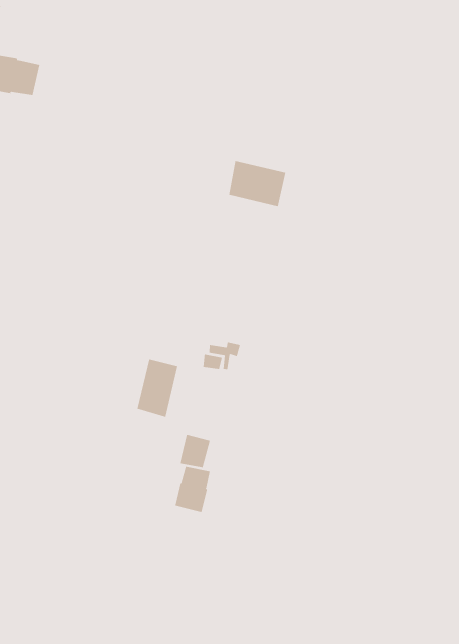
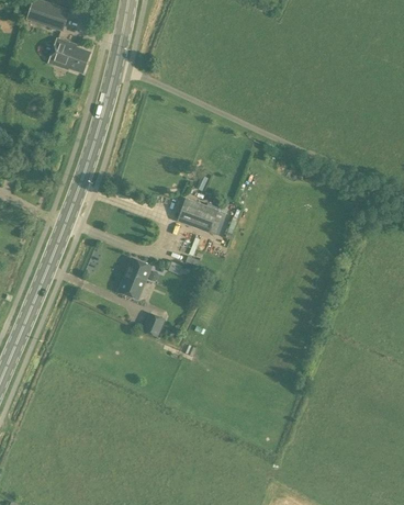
building: [228,161,286,207] -> [179,199,220,234]
building: [174,466,210,513] -> none

